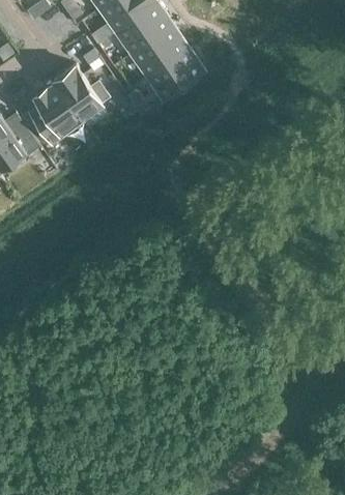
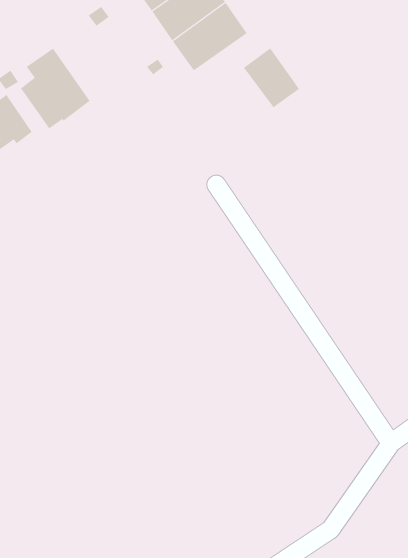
building: [54,64,109,121] -> none
building: none -> [243,47,300,108]

